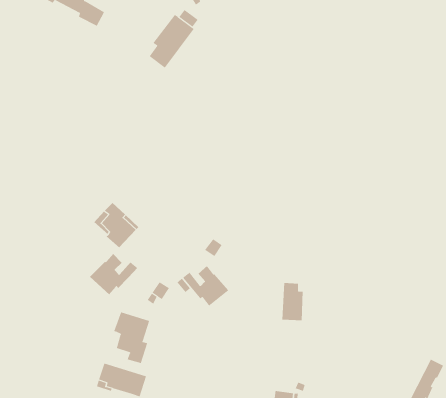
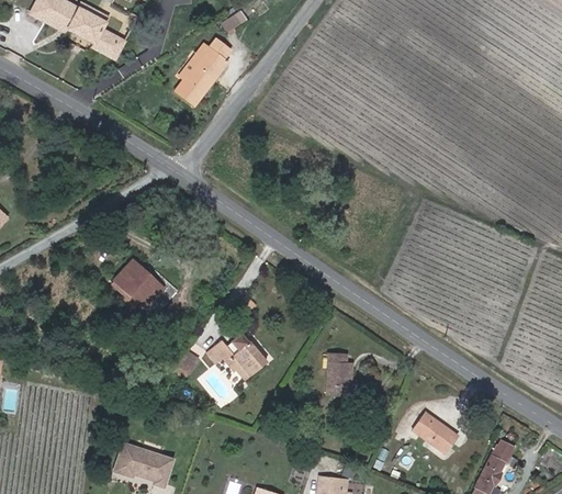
building: [89,253,138,295] -> none
building: [113,311,150,364] -> none
building: none -> [412,413,458,453]

